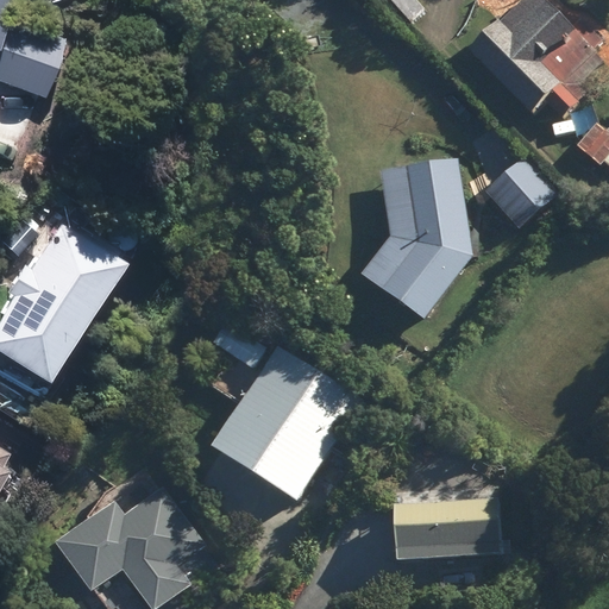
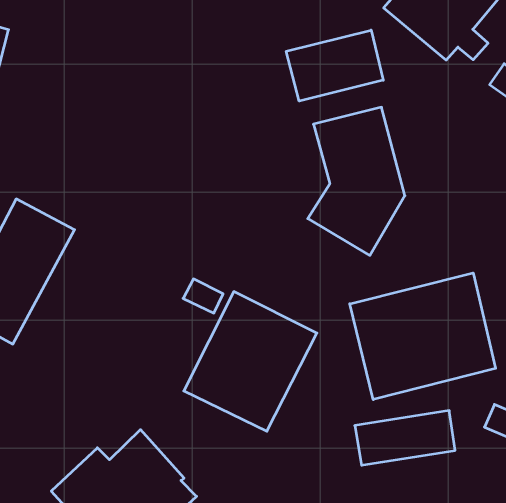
building: none -> [286,30,383,101]
building: [484,153,559,228] -> none
building: none -> [350,273,496,400]

